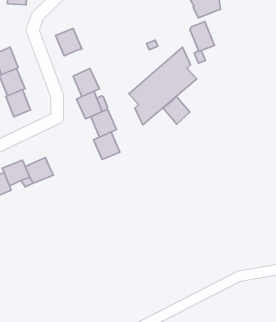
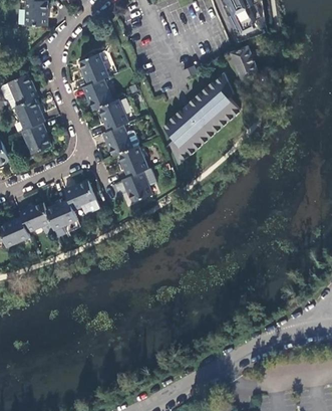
building: none -> [83,78,112,110]
building: [163,96,190,124] -> none
building: none -> [64,181,96,210]

